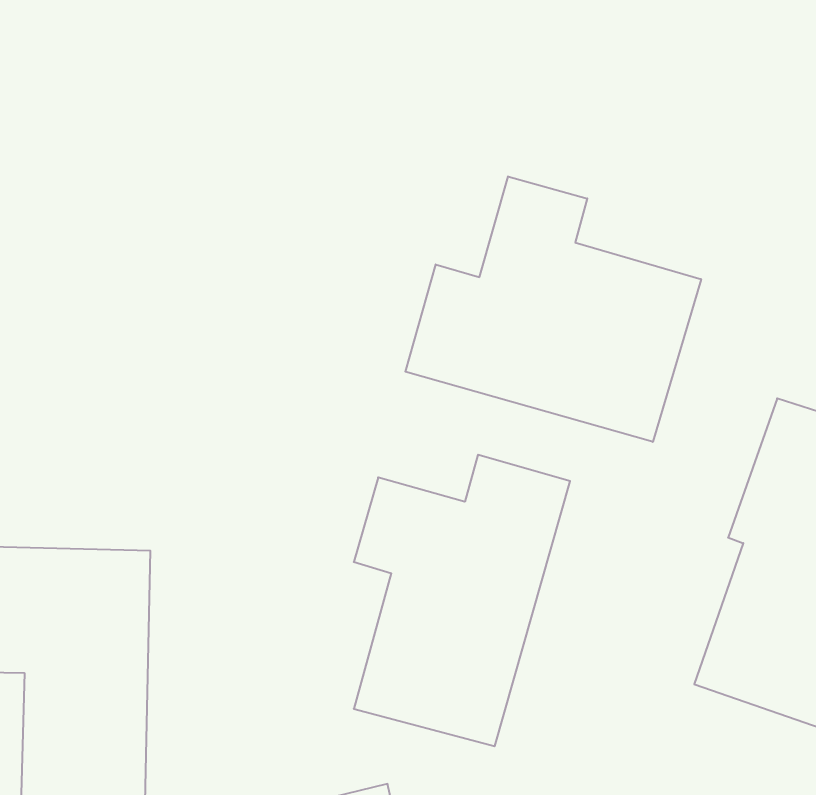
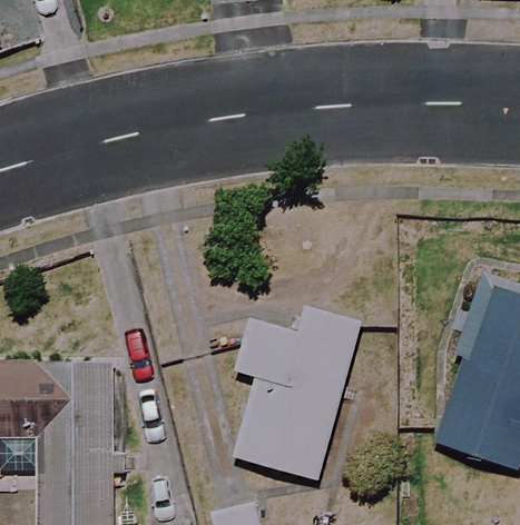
building: [405,176,701,442] -> none

